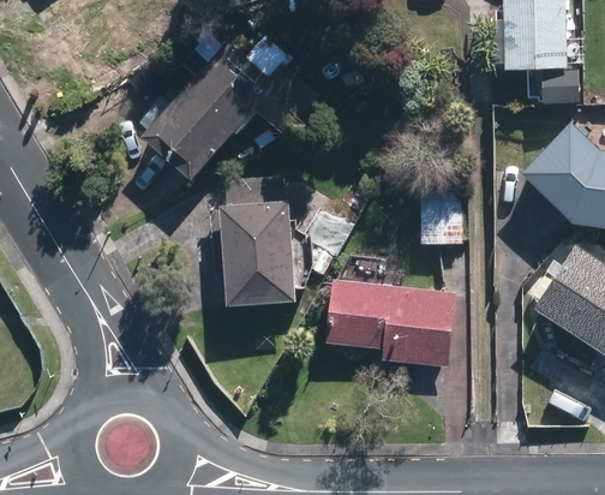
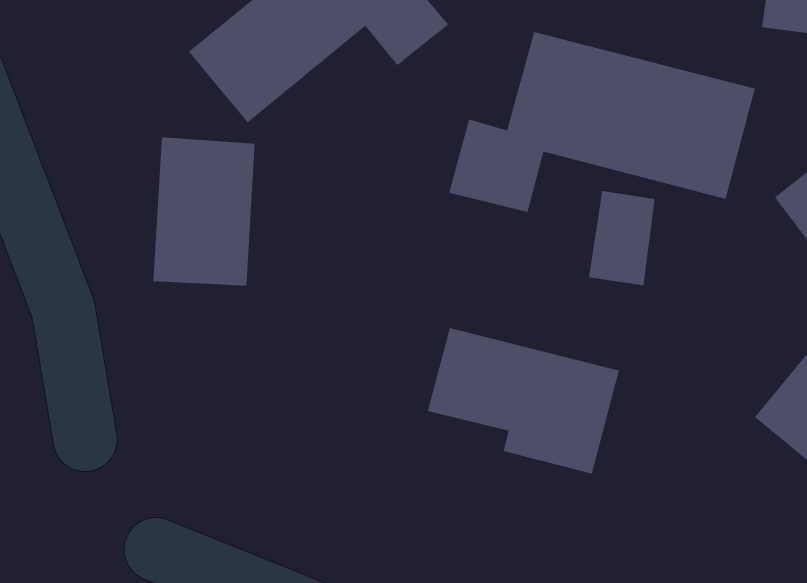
building: none -> [448,31,756,213]
building: [229,193,298,291] -> [153,136,255,286]

